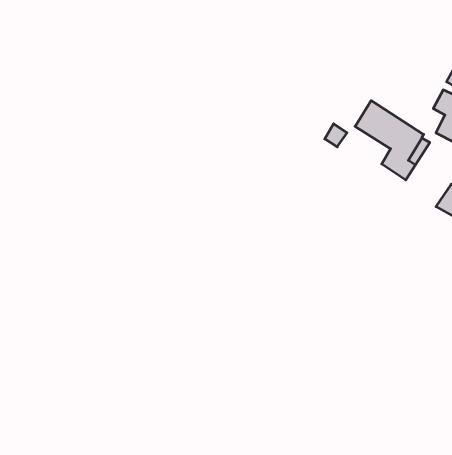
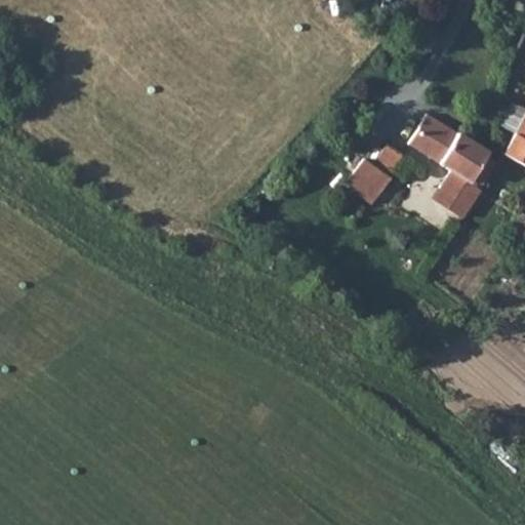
building: none -> [348,160,391,203]

